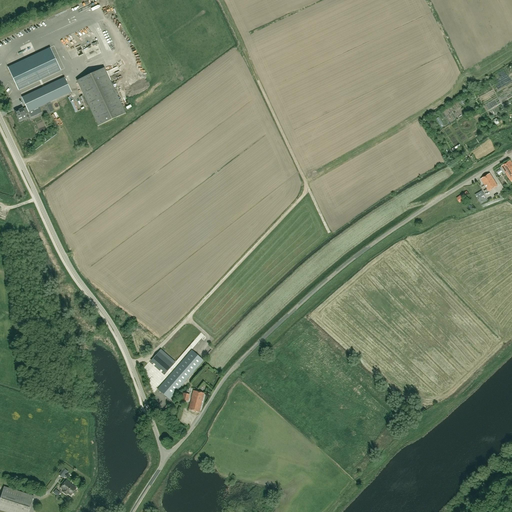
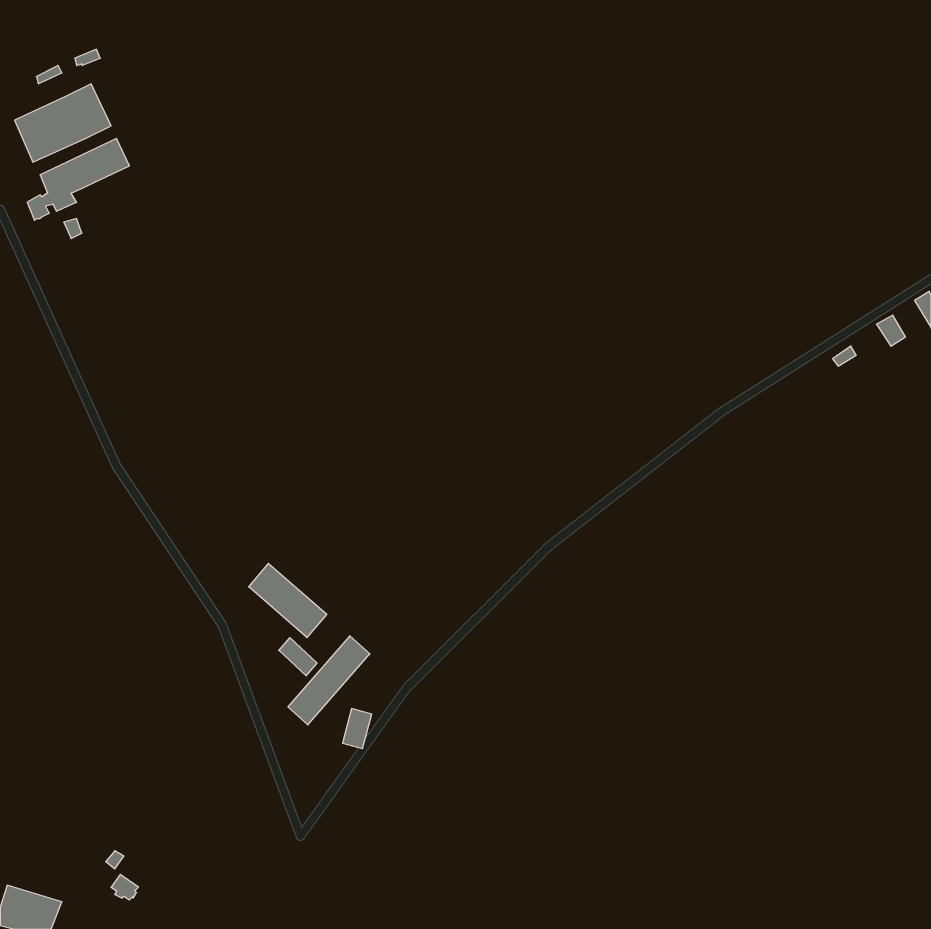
building: [77,67,125,125] -> none
building: none -> [249,563,327,638]

